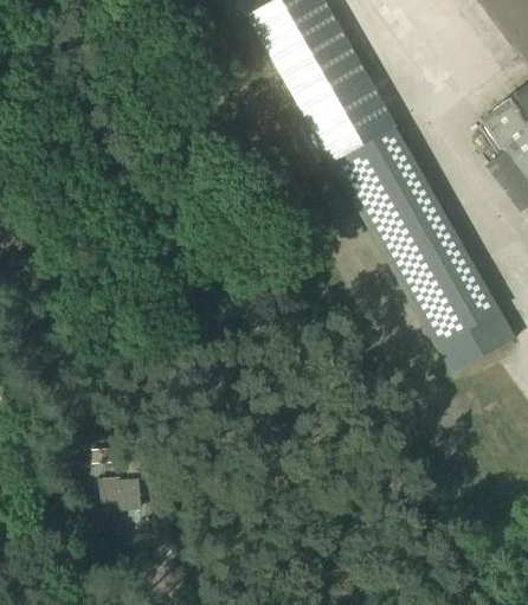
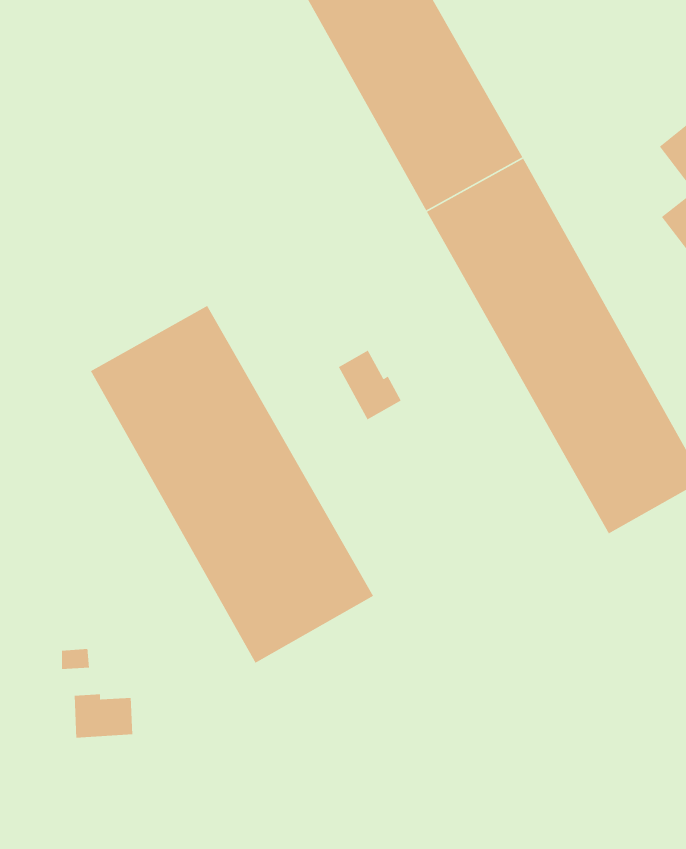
building: none -> [90,305,374,664]
building: none -> [338,350,402,421]

